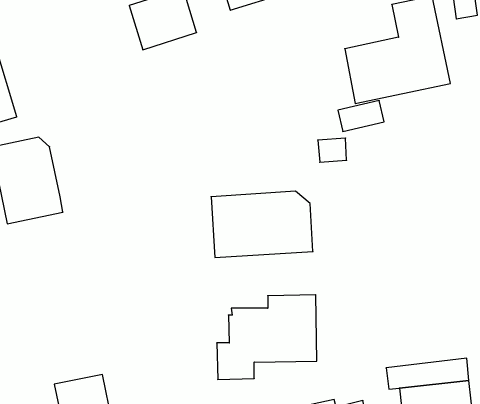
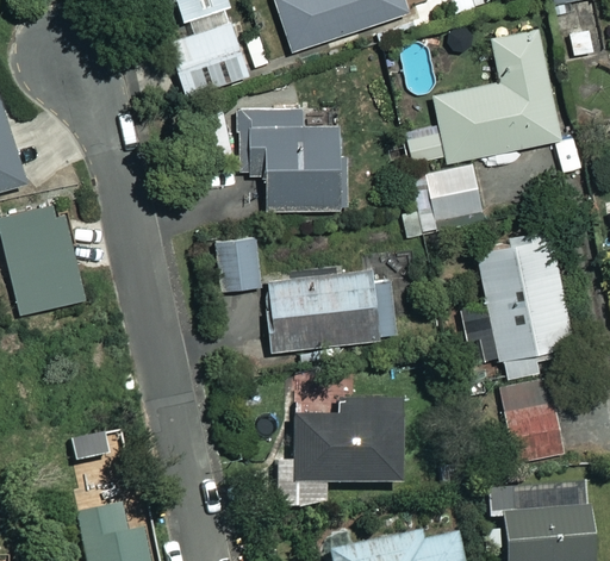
building: none -> [238,110,349,211]
building: none -> [475,227,584,381]
building: none -> [216,237,263,289]
building: none -> [497,386,561,463]

